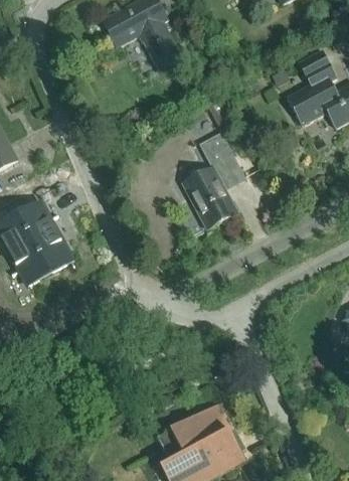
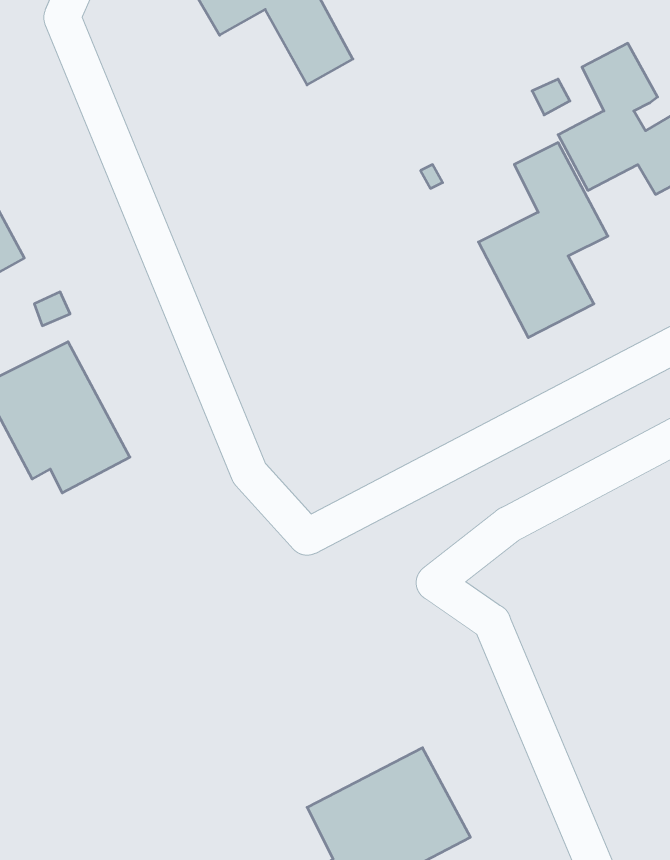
building: [181,130,246,228] -> [478,143,608,338]

